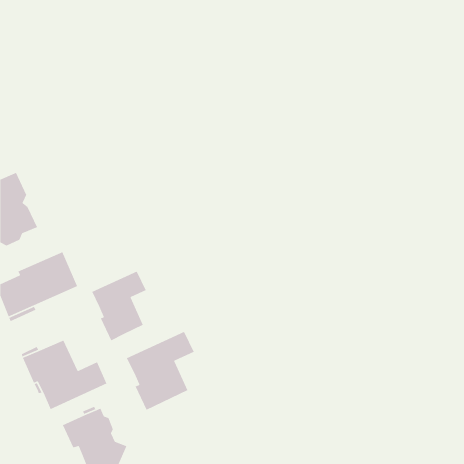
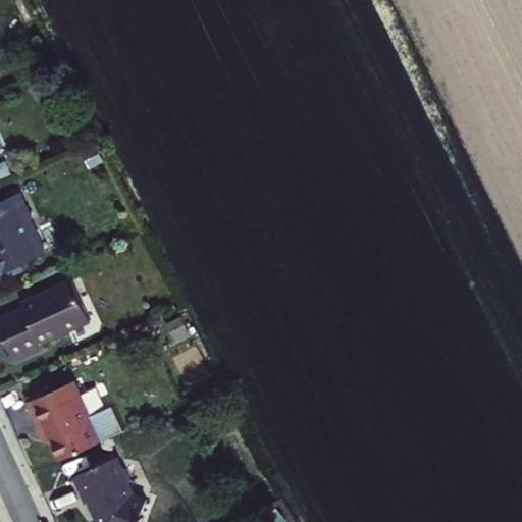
building: [91,270,147,341] -> none
building: [126,331,195,411] -> none

